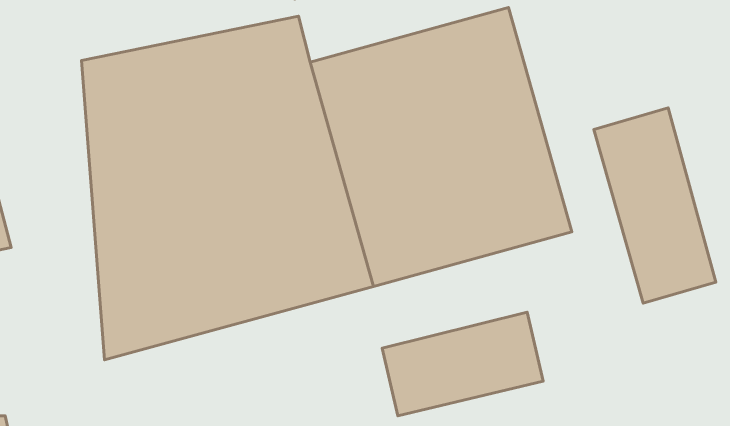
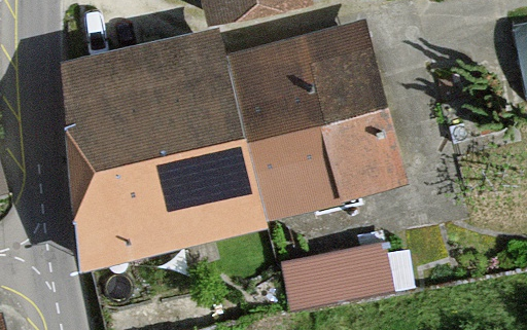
building: [594,108,716,303] -> none

